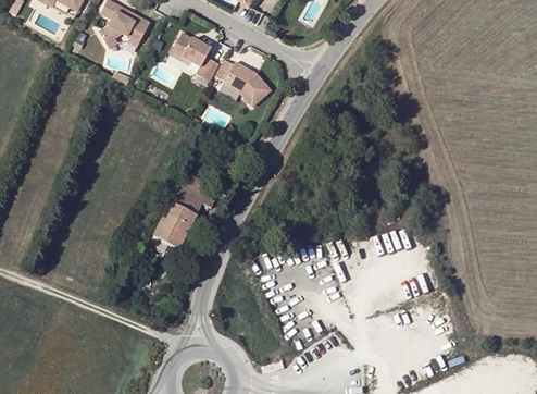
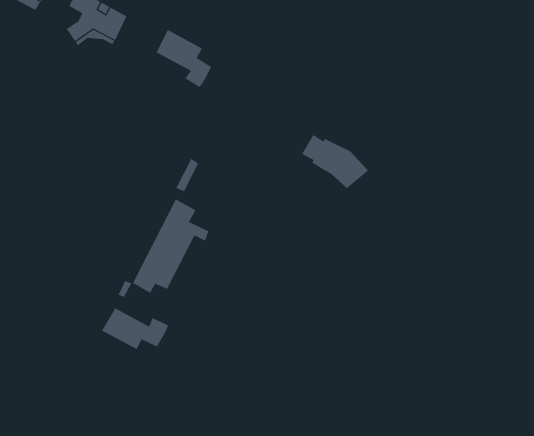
building: [214,60,271,106] -> [301,134,369,189]
building: none -> [101,307,169,350]

